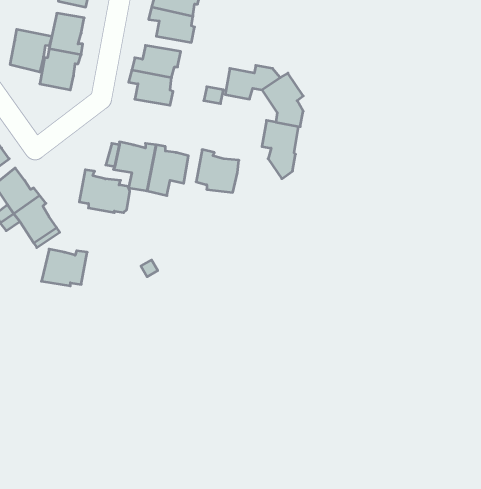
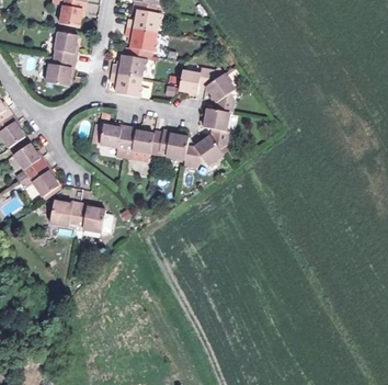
building: [10,29,52,72] -> none
building: none -> [183,135,222,166]
building: [79,170,130,213] -> [76,202,112,233]

